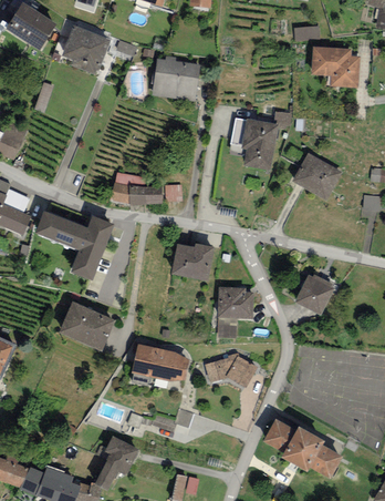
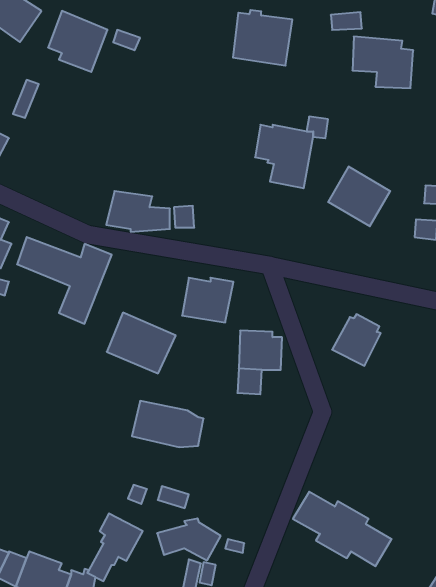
building: [152,55,200,101] -> [233,10,292,66]
building: [59,300,115,350] -> [107,313,176,373]
building: [205,352,257,387] -> [157,518,221,560]

